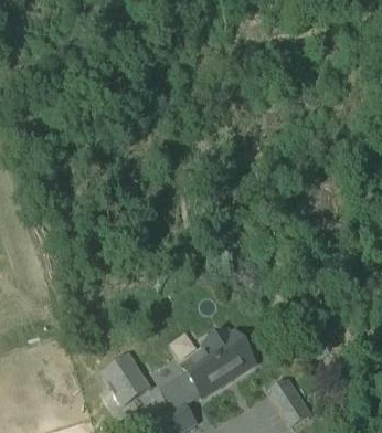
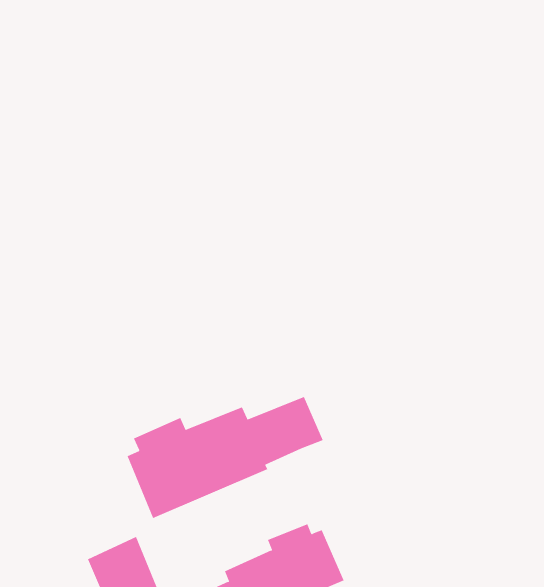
building: none -> [127,396,324,519]

